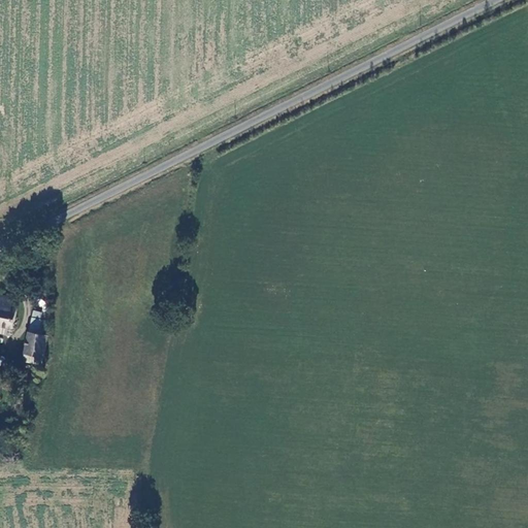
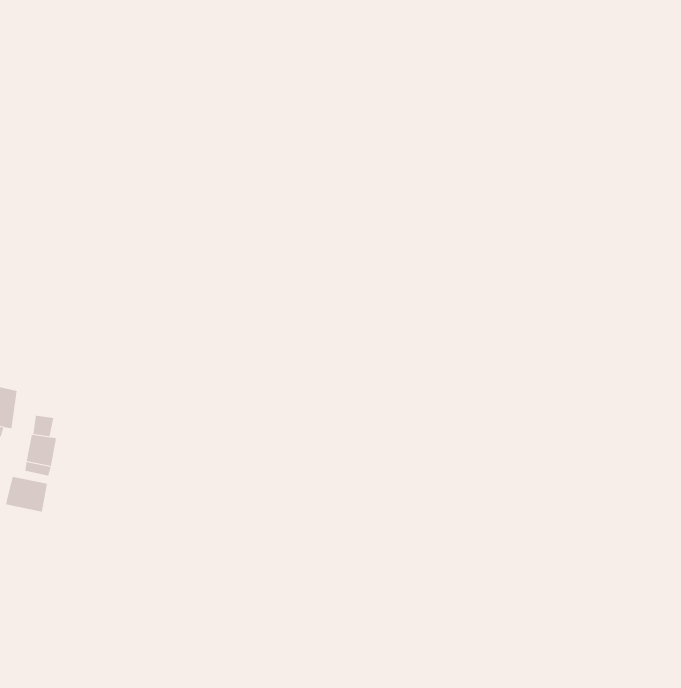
building: none -> [6,476,48,512]

